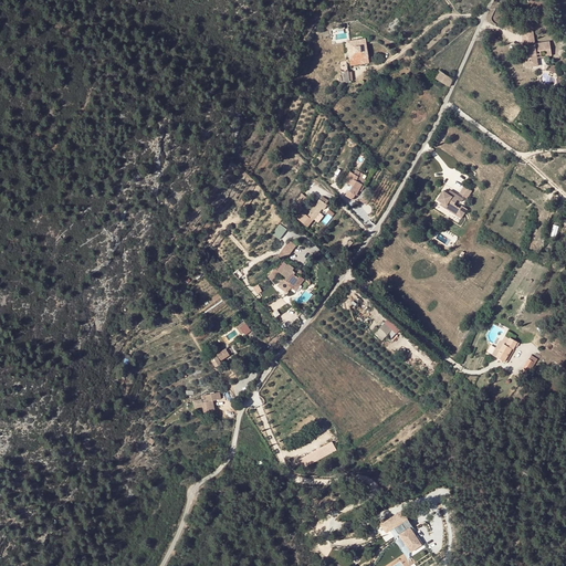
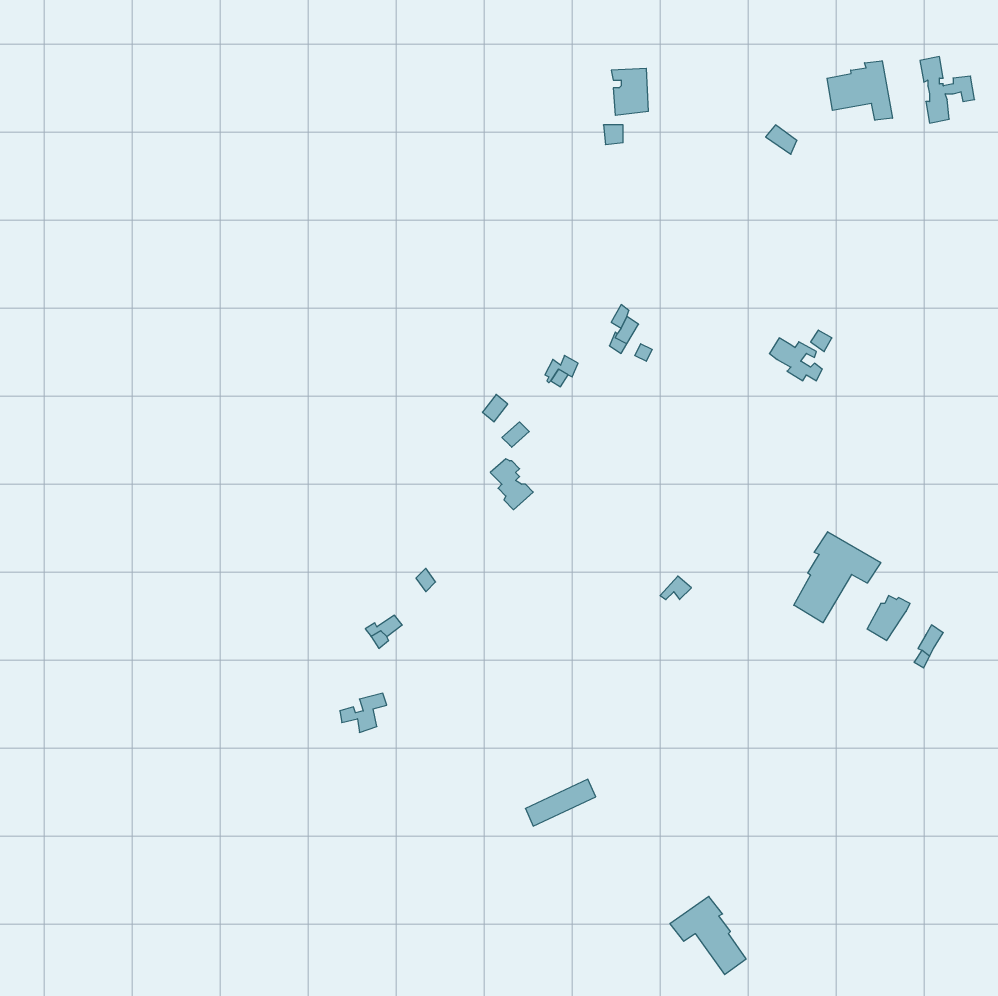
building: none -> [827,61,892,120]
building: none -> [794,532,881,623]

